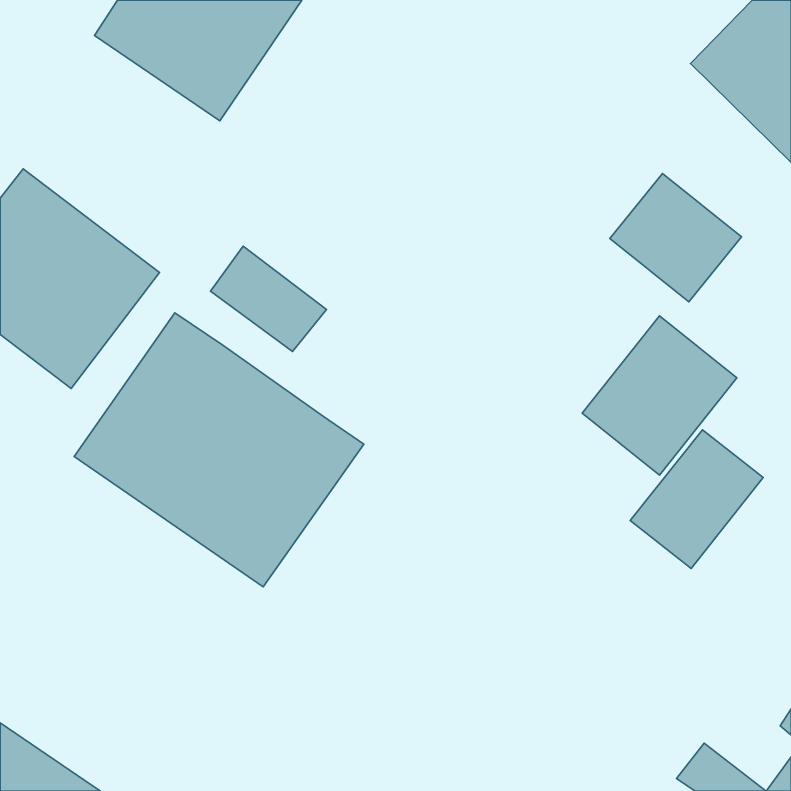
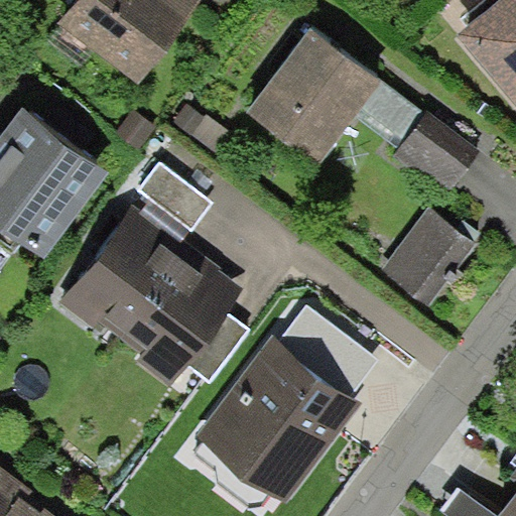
building: none -> [237,16,380,153]
building: [630,430,763,568] -> none
building: none -> [191,306,379,508]

